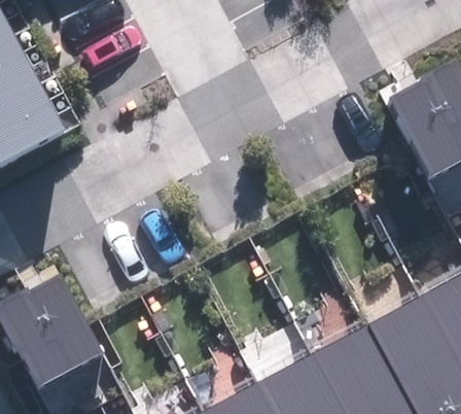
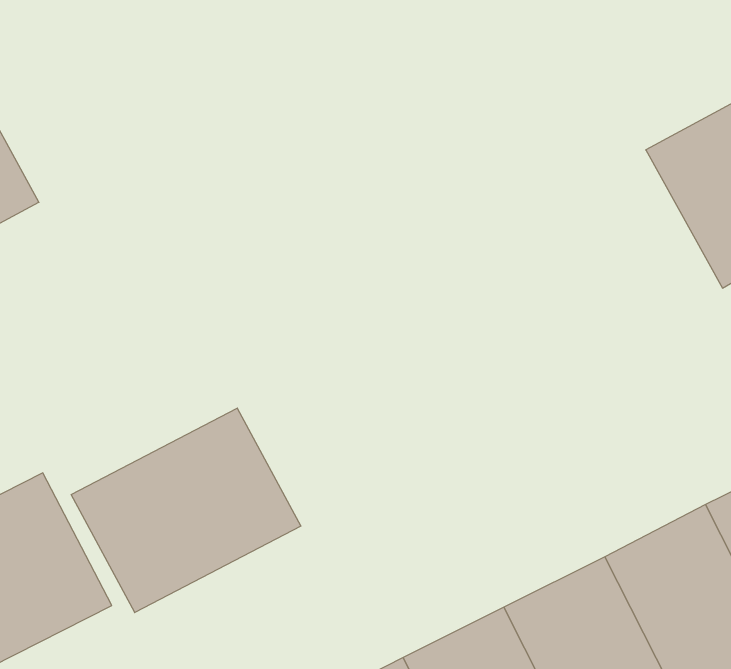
building: none -> [71,408,301,613]

